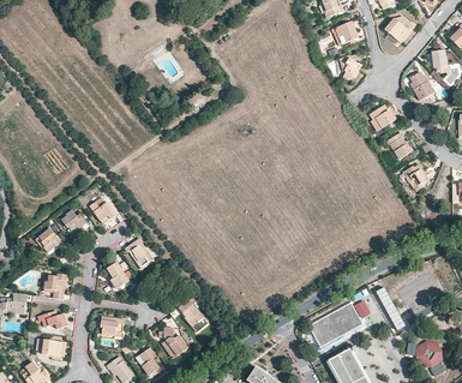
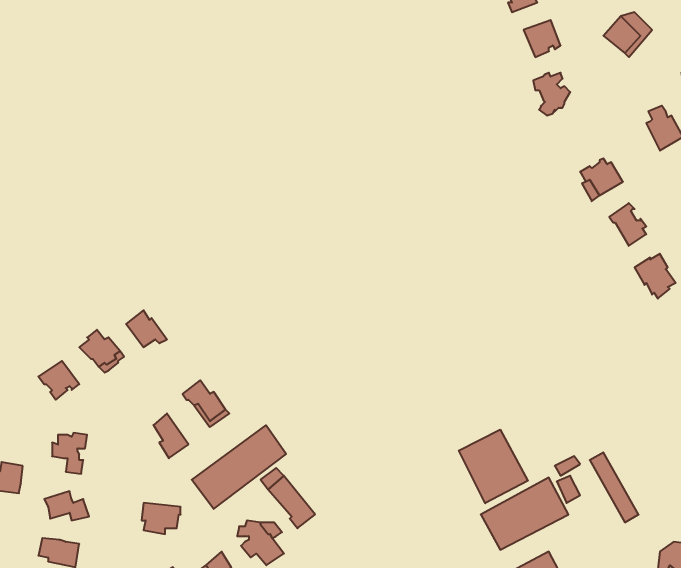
building: none -> [192,425,286,509]
building: none -> [459,430,528,503]

